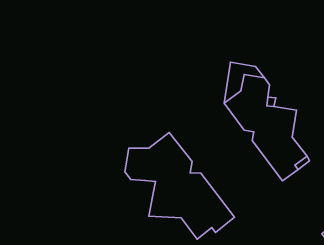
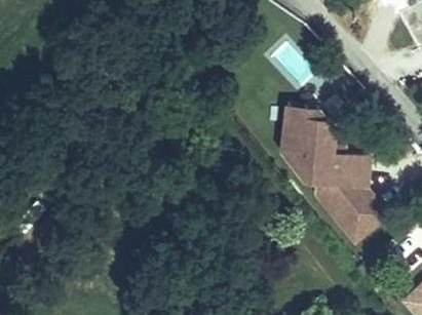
building: [125,132,235,239] -> none

